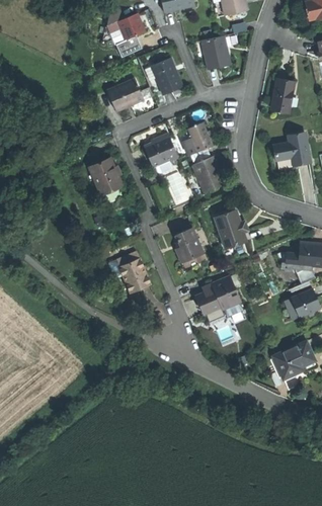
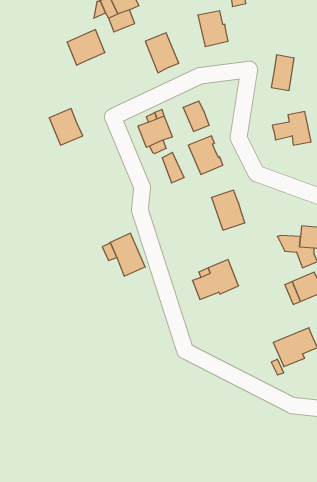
building: [107,77,144,111] -> [67,30,105,65]
building: [89,158,122,193] -> [49,108,83,145]
building: [176,228,204,262] -> none

